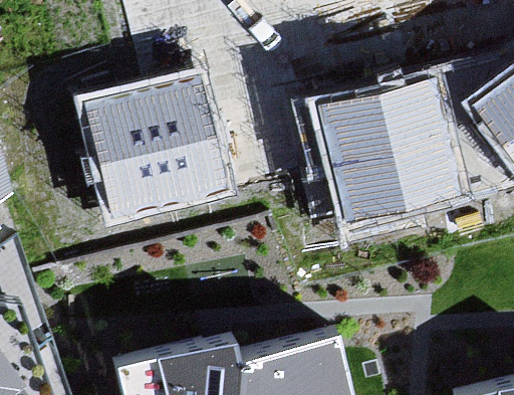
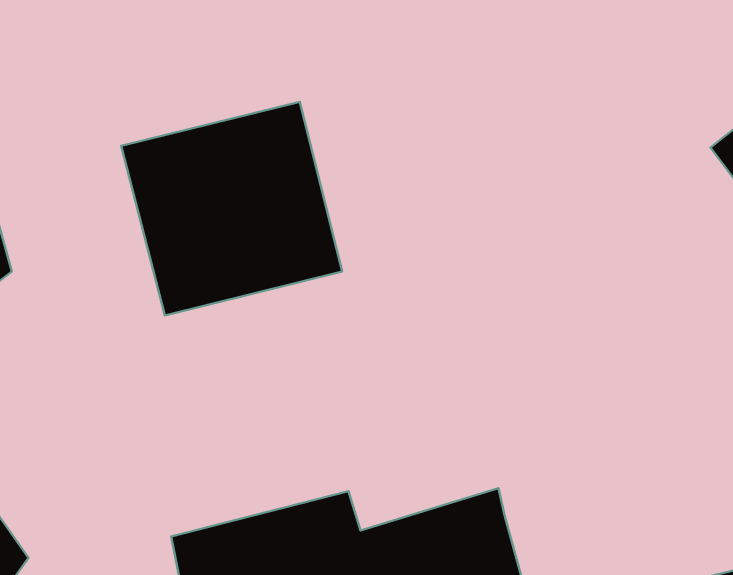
building: [318,77,462,221] -> none

